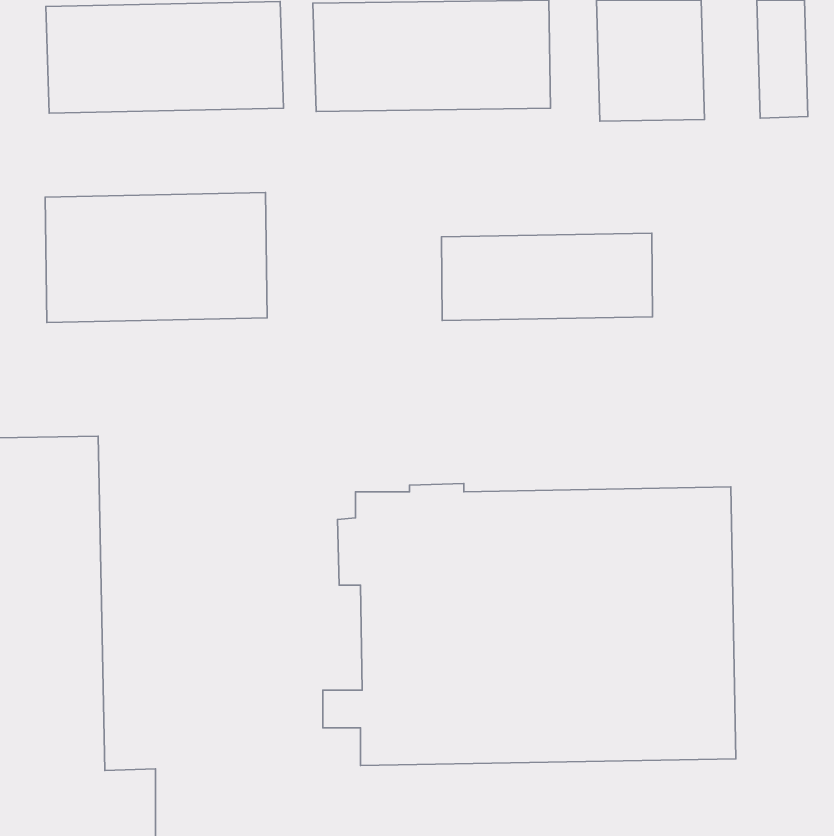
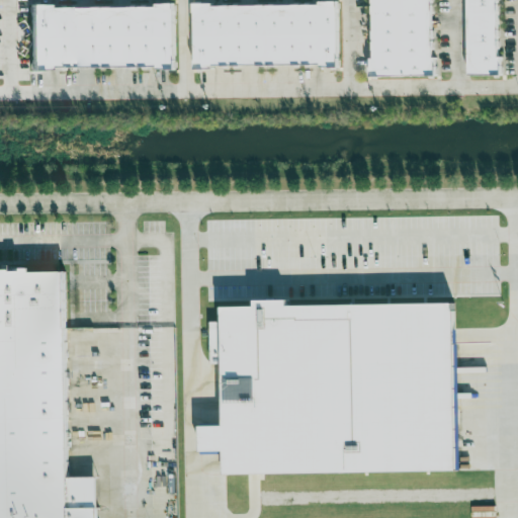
building: [45,193,267,323] -> none
building: [442,233,652,320] -> none

